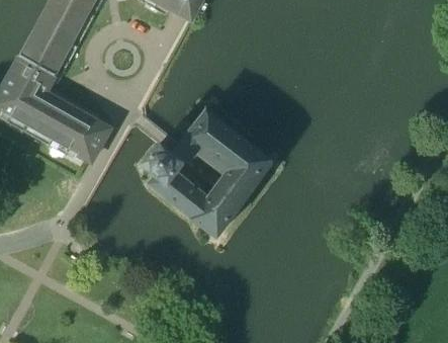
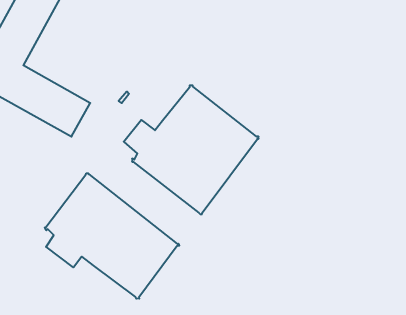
building: none -> [45,173,179,299]

